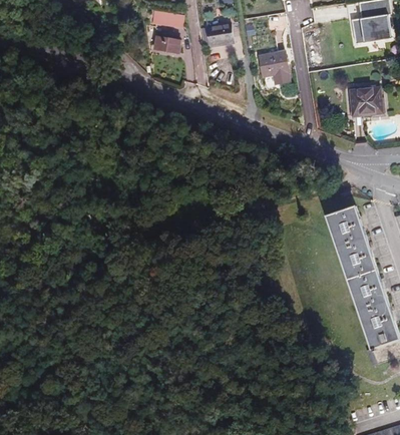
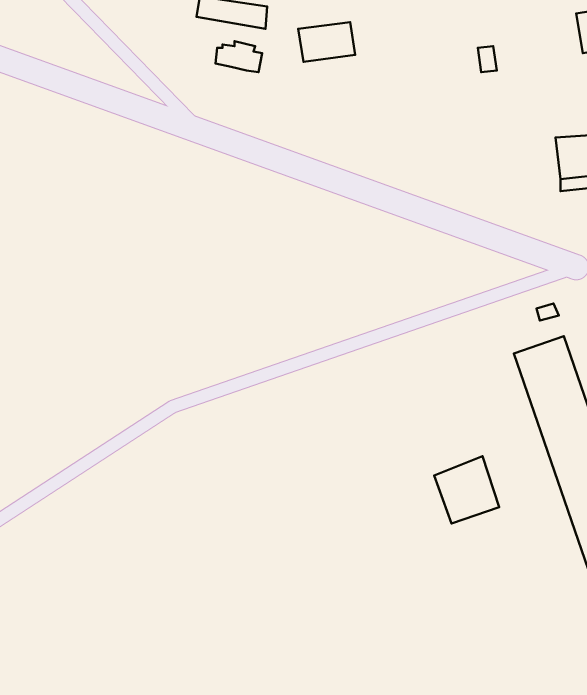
building: [259,52,288,77] -> none
building: none -> [434,456,499,524]

